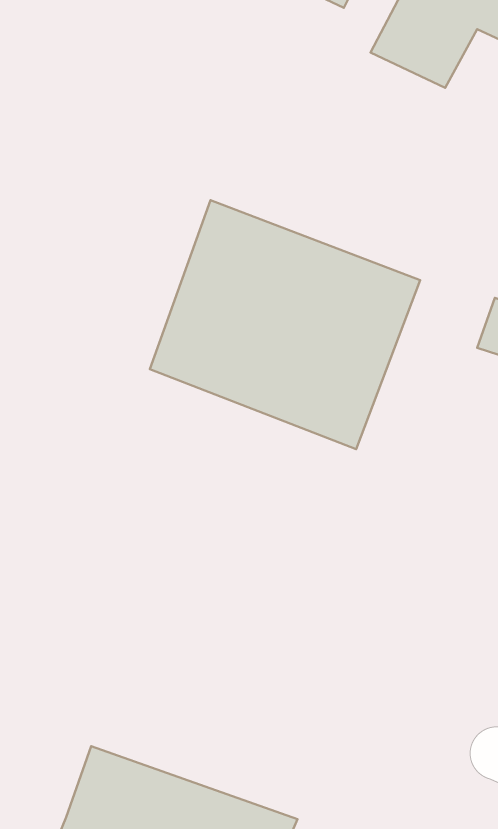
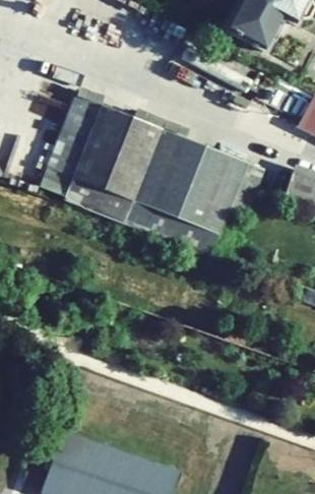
building: none -> [44,98,132,213]

